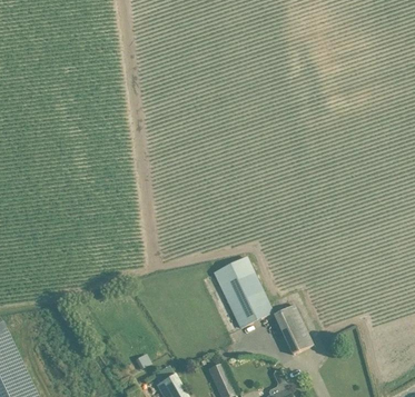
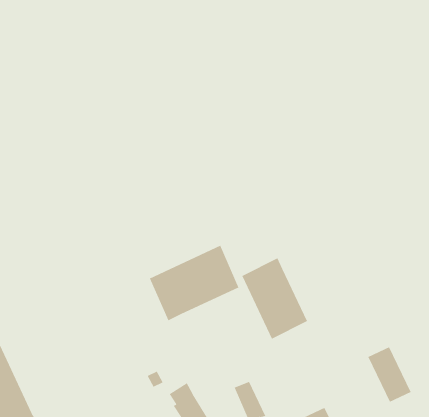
building: none -> [149,245,239,321]
building: [275,306,313,354] -> [367,347,412,402]

